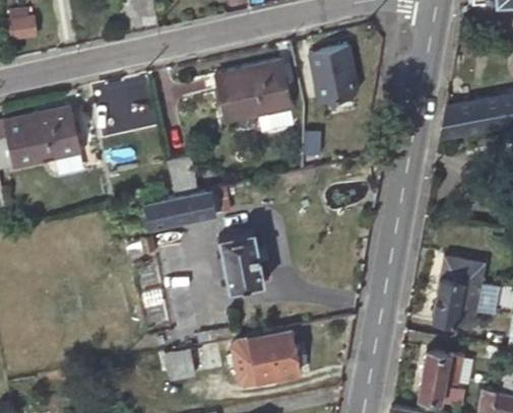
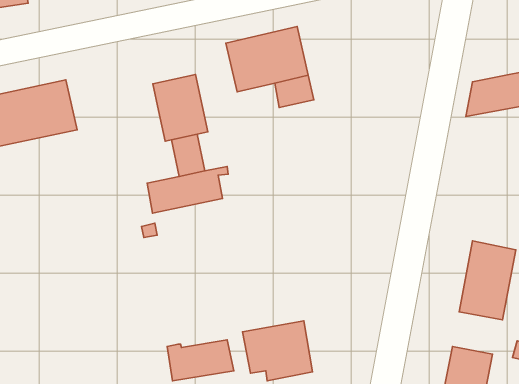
building: [310,46,365,109] -> none
building: none -> [153,74,208,141]
building: [219,232,268,293] -> none

